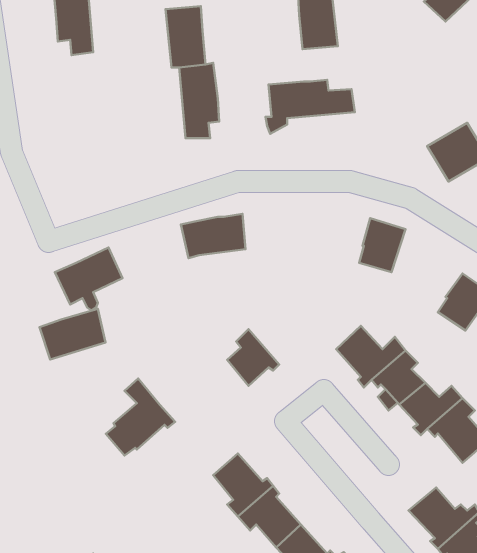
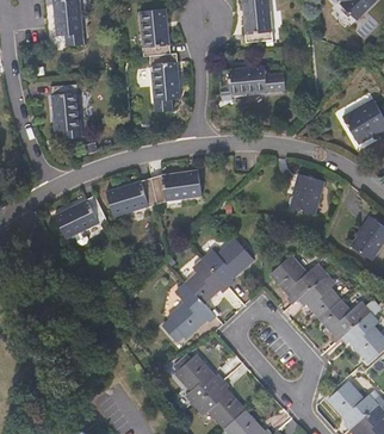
building: none -> [51,85,82,138]
building: none -> [204,240,253,286]
building: [39,309,106,359] -> [106,178,157,217]
building: [106,379,175,456] -> [162,283,216,342]

